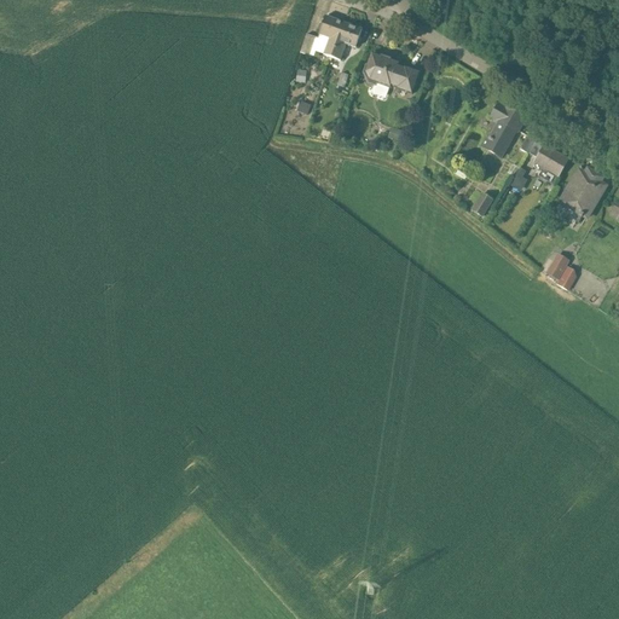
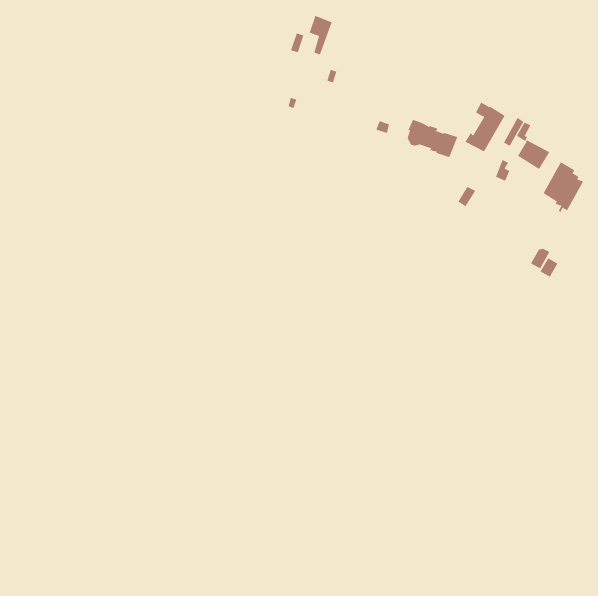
building: [331,23,361,60] -> none
building: [365,53,418,93] -> [407,119,458,158]

